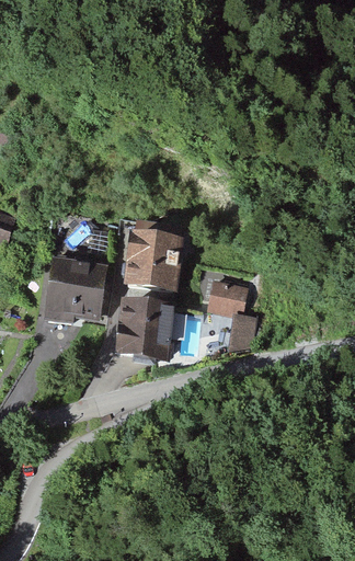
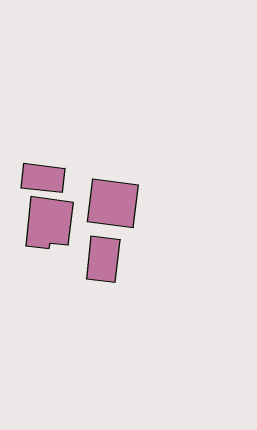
building: none -> [21,163,65,192]
building: [209,277,259,353] -> none

